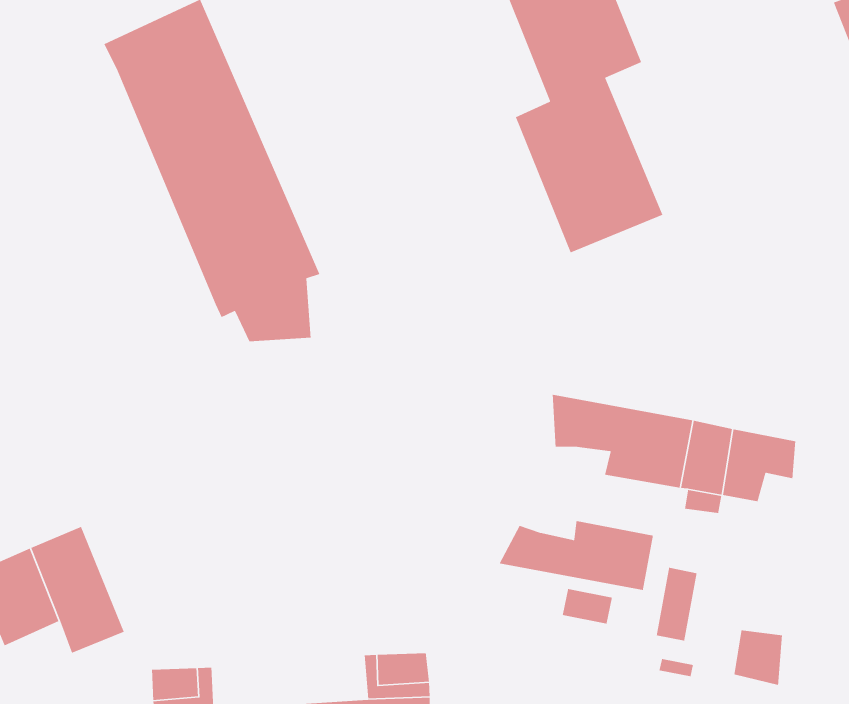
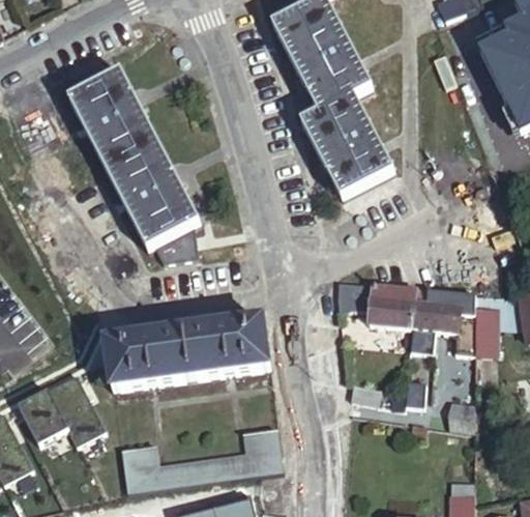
building: none -> [108,321,269,391]
building: none -> [475,309,498,354]
building: [499,520,654,591] -> none

